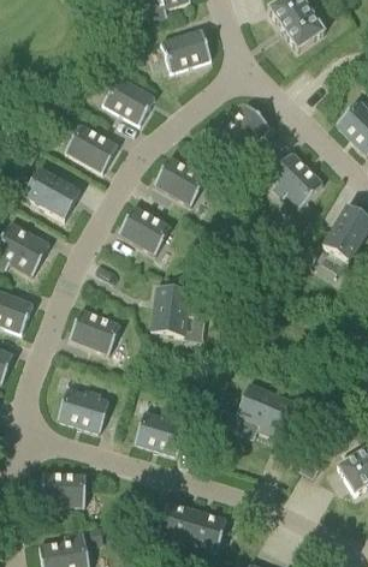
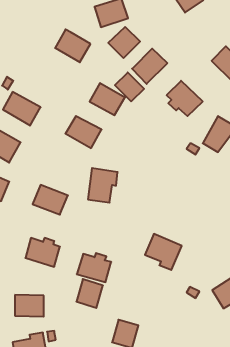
building: none -> [108,27,140,58]
building: [65,124,118,172] -> none
building: none -> [115,72,144,101]
building: [158,501,197,544] -> [76,279,103,308]

